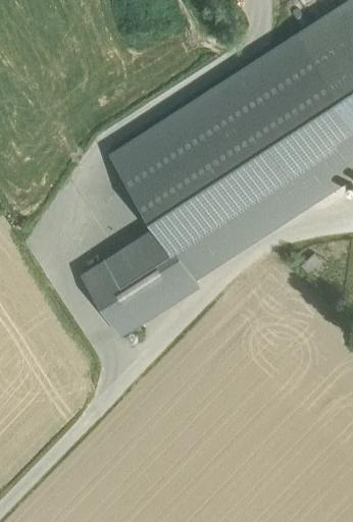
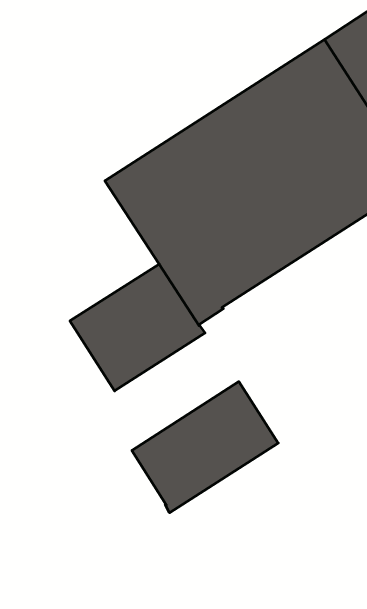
building: none -> [132,382,278,513]

